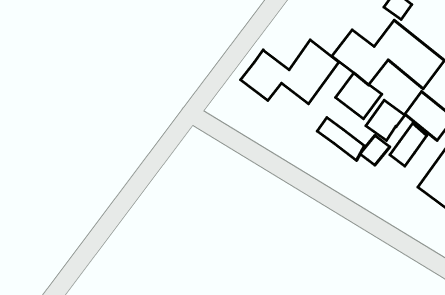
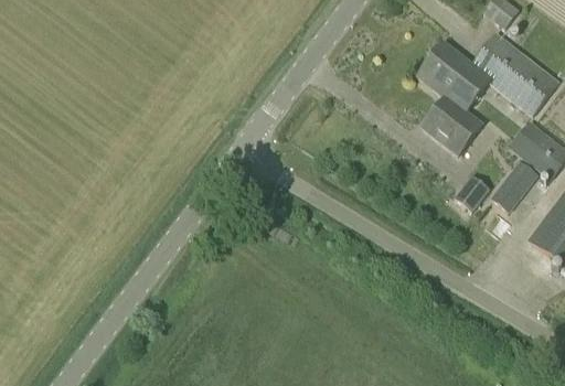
building: [241,40,339,104] -> none
building: [366,100,405,141] -> none
building: [317,117,364,160] -> none

